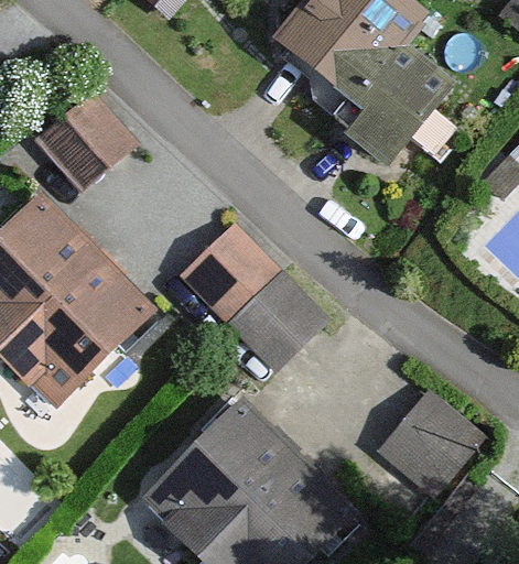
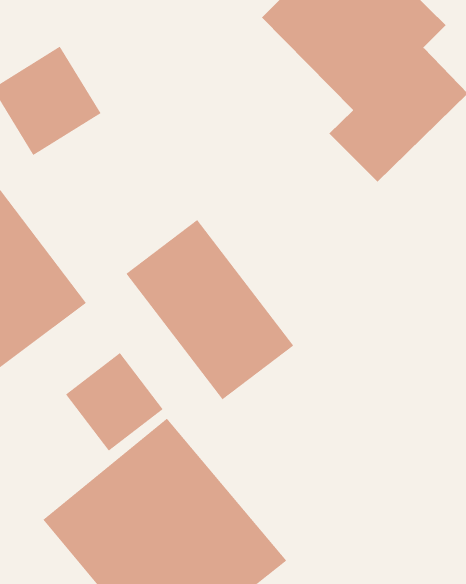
building: none -> [65,352,164,452]
building: [376,383,488,496] -> none

